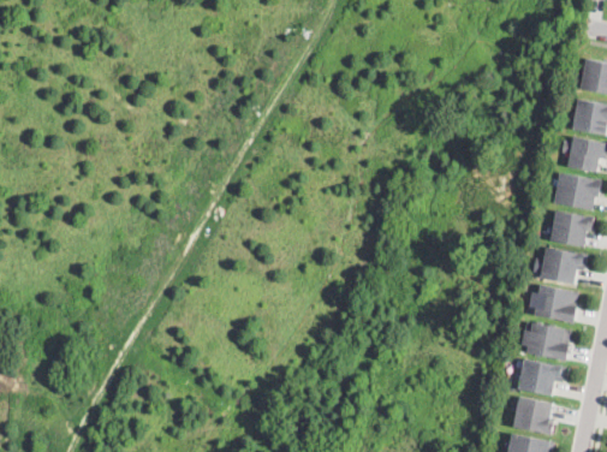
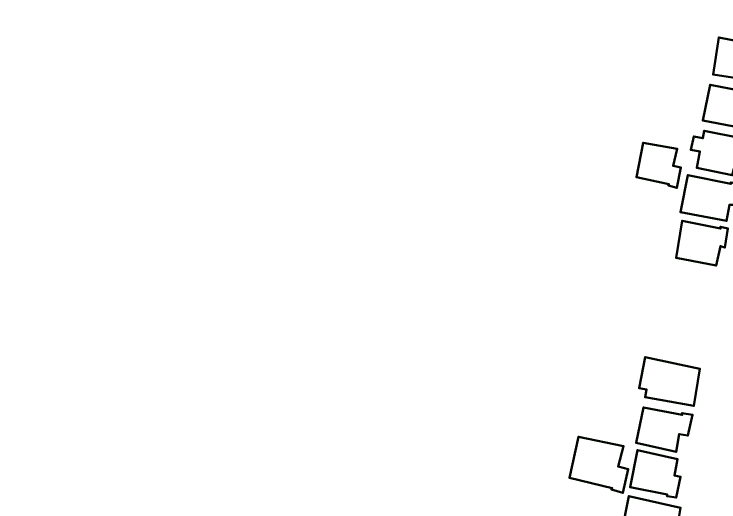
building: none -> [637,143,681,188]
building: [540,246,588,282] -> none
building: [529,284,578,323] -> none
building: none -> [569,437,628,493]

